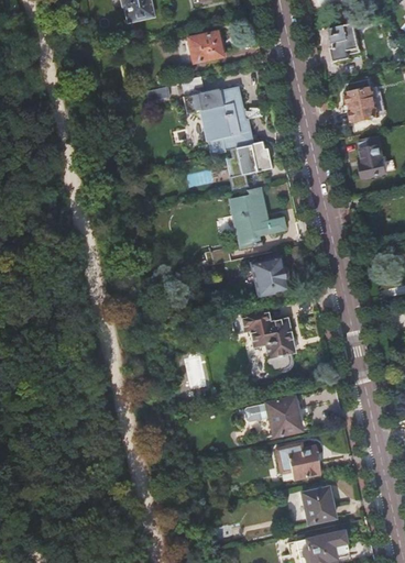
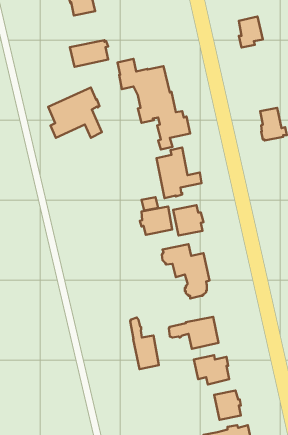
building: [174,32,221,65] -> [70,40,108,67]
building: [346,87,379,121] -> none
building: none -> [48,87,102,138]
building: none -> [140,206,172,235]
building: none -> [130,318,159,369]

